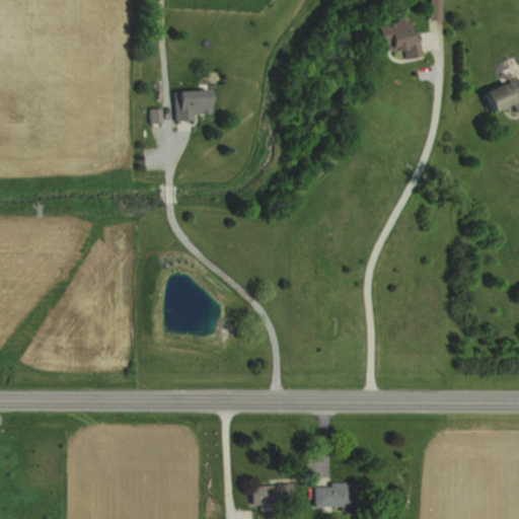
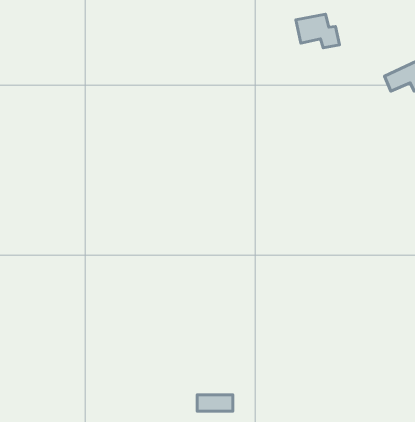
building: [178,91,213,121] -> none
building: [316,484,357,507] -> none

